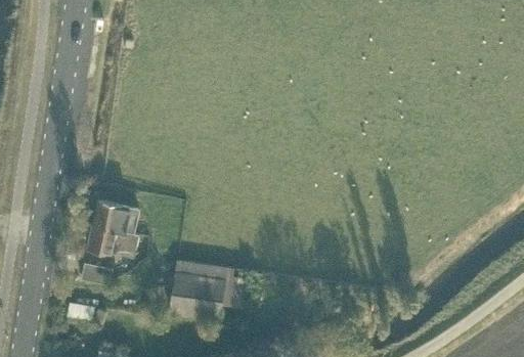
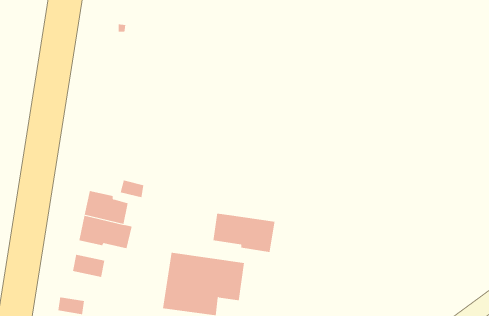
building: none -> [213,213,275,253]

